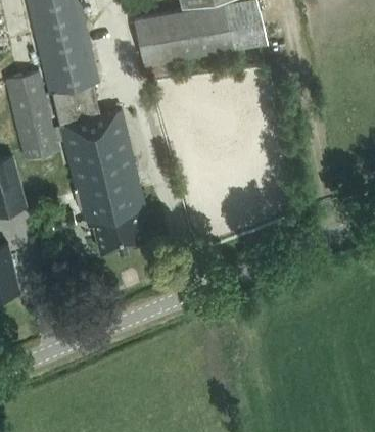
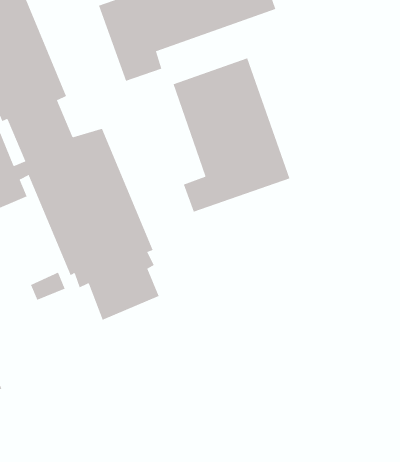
building: none -> [173,57,290,212]

